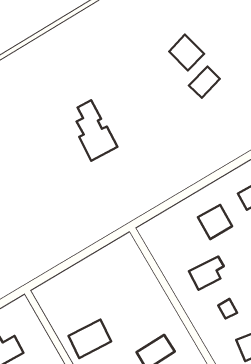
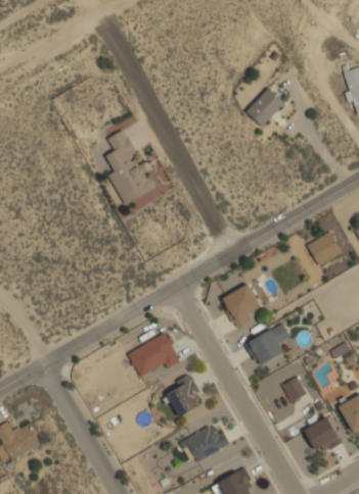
building: [169,35,204,70] -> none
building: [198,205,232,239] -> [220,284,263,327]
building: none -> [162,375,205,417]
building: [68,320,111,358] -> [127,332,180,380]

